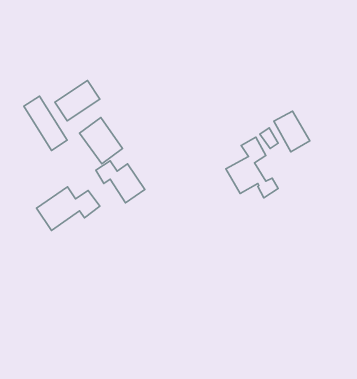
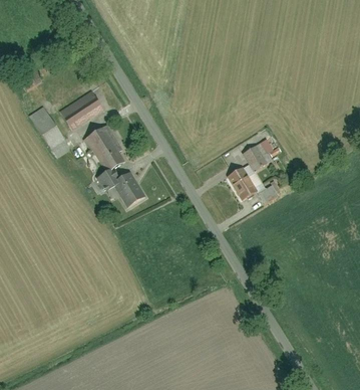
building: [274,111,310,152] -> none
building: [36,187,100,231] -> none

